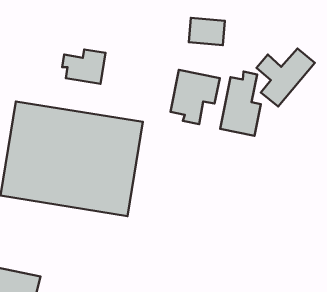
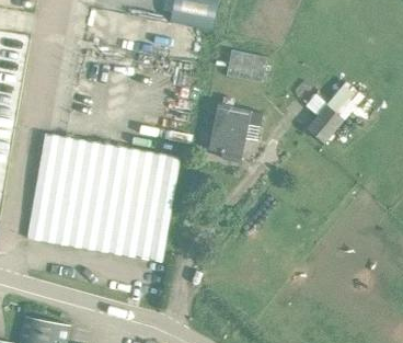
building: [62,49,105,84] -> none
building: [220,72,261,136] -> none

